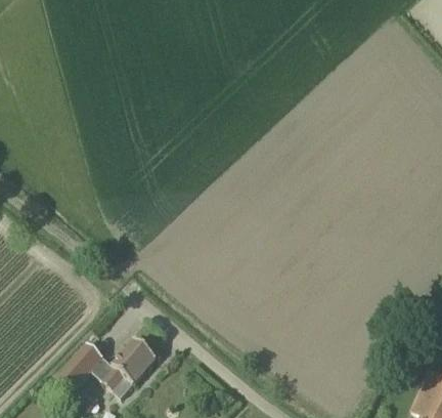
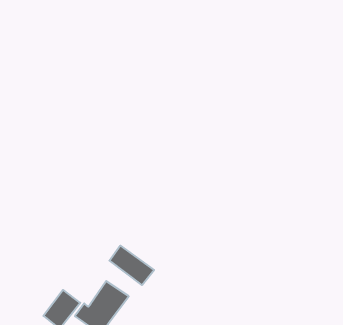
building: none -> [109,246,154,285]

